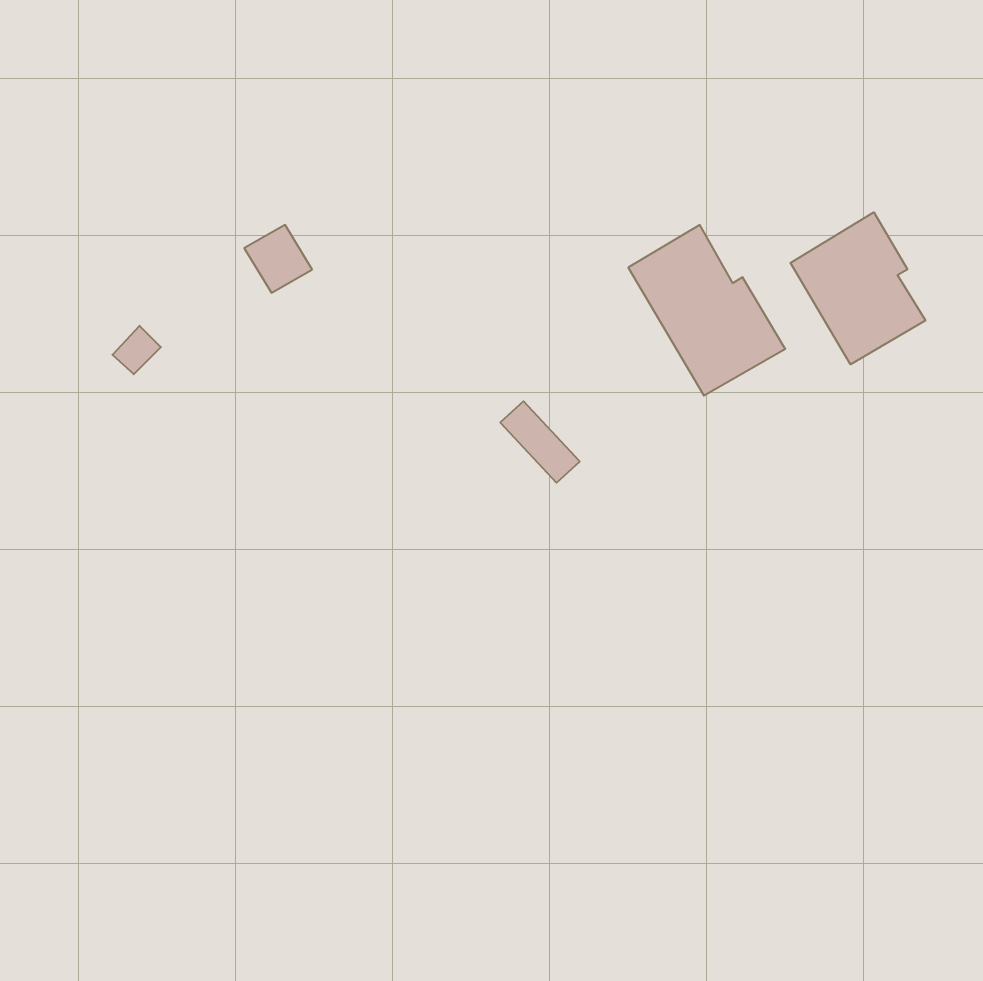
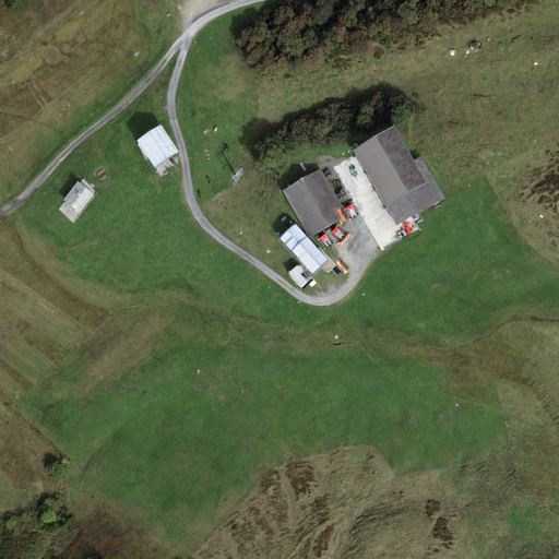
building: [791,212,925,364] -> none
building: none -> [283,168,341,236]

